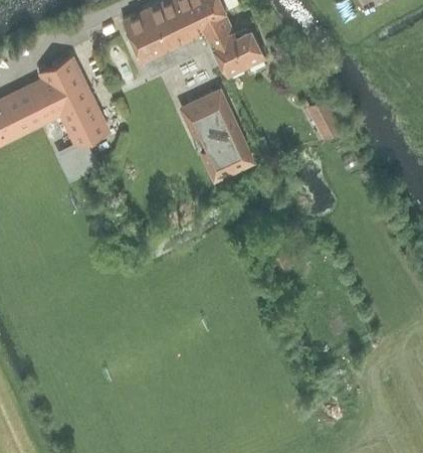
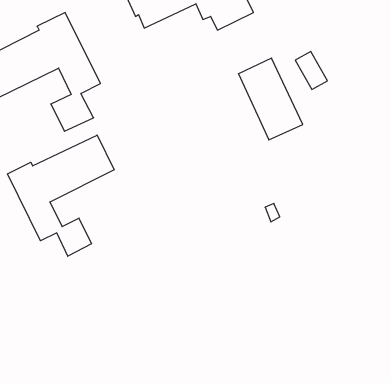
building: [184,90,250,174] -> [238,58,303,140]
building: none -> [8,135,114,256]

